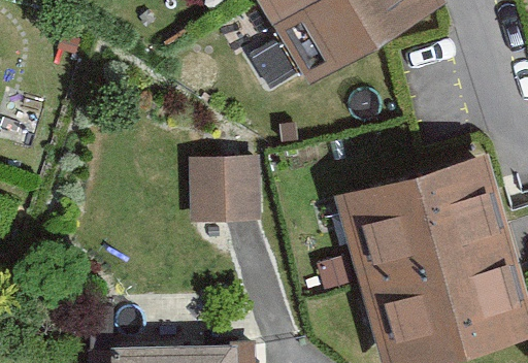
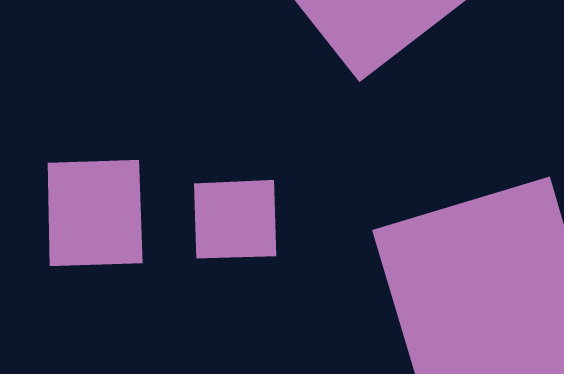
building: none -> [47,159,143,267]

